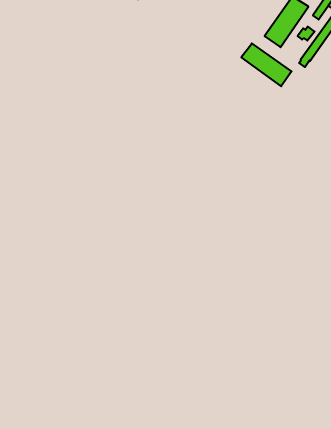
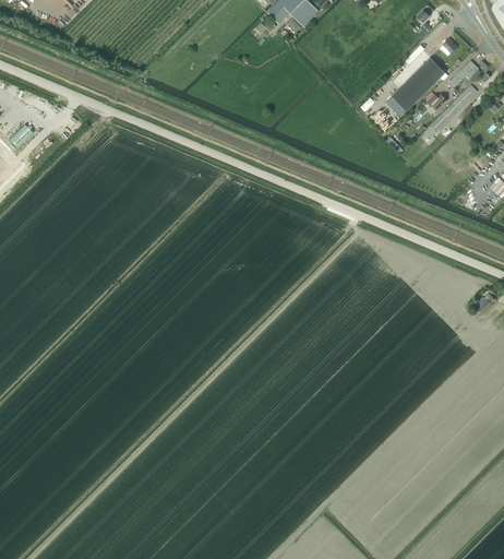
building: [241,43,292,86] -> none

